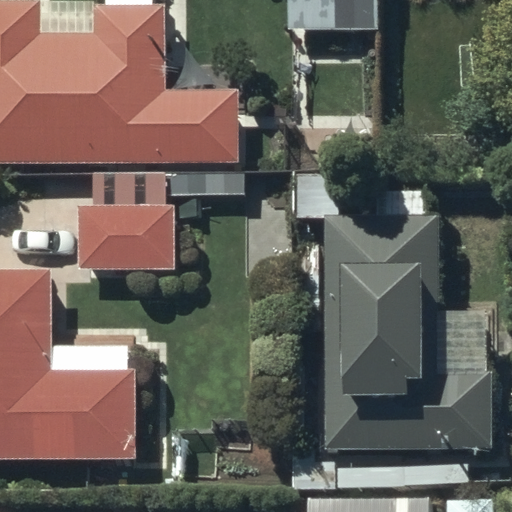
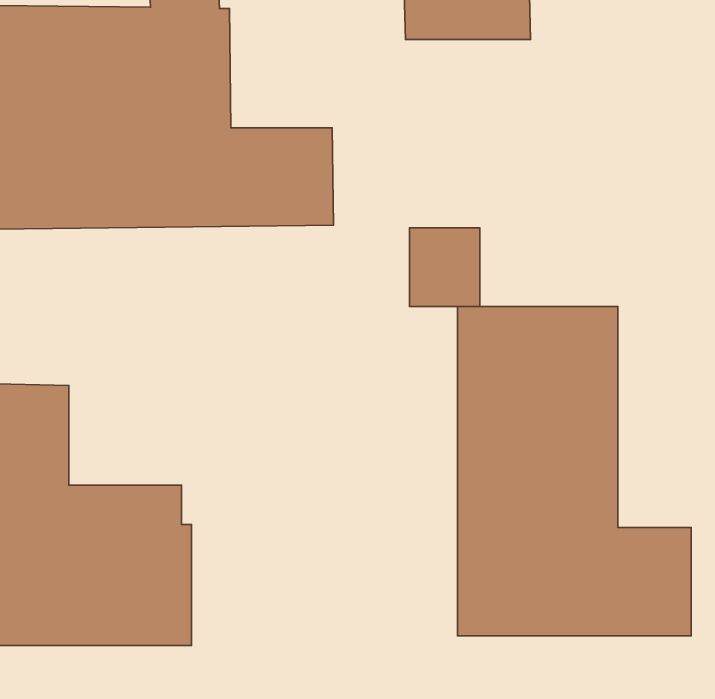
building: [77,170,248,268] -> none

